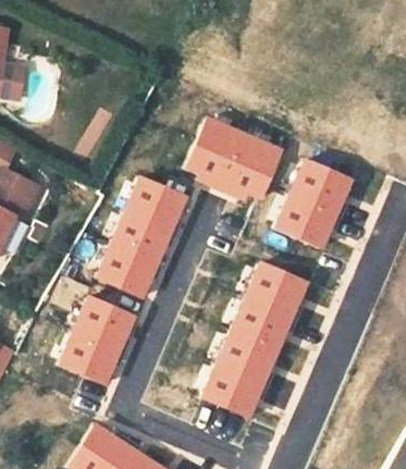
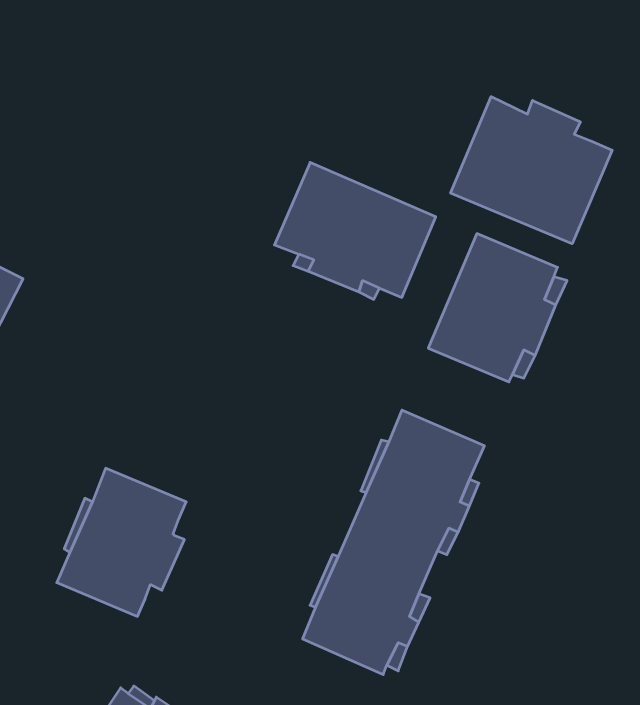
building: none -> [451,97,612,244]
building: [97,177,185,296] -> none

